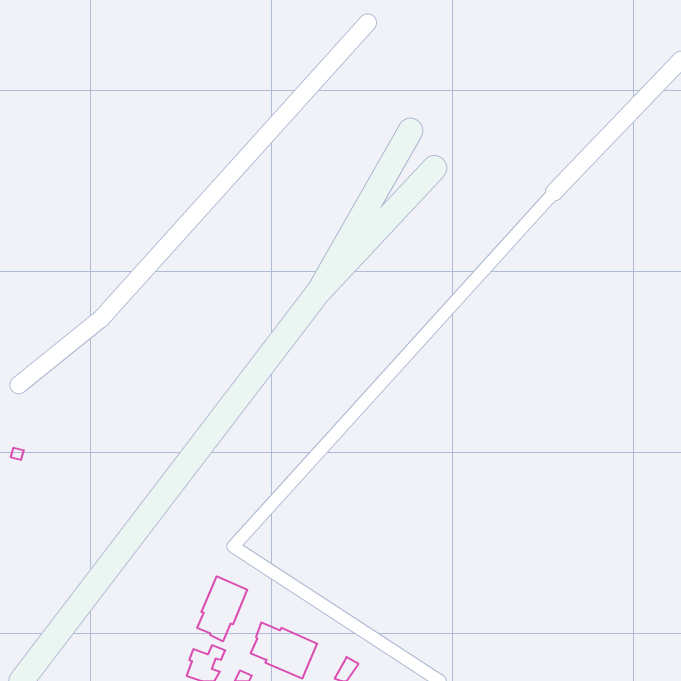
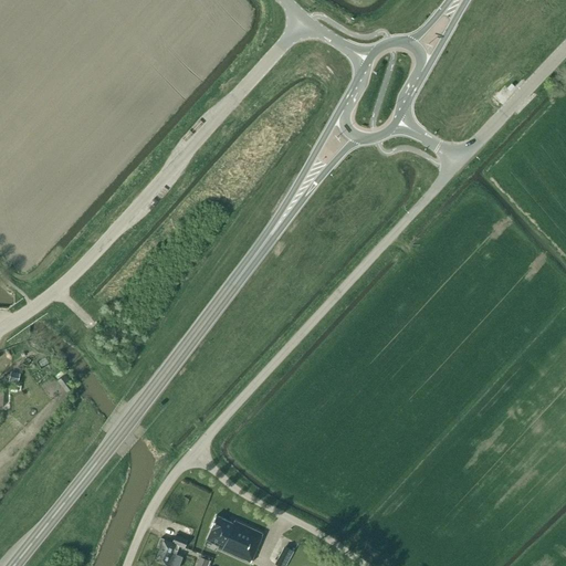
building: [197,576,247,641] -> none

